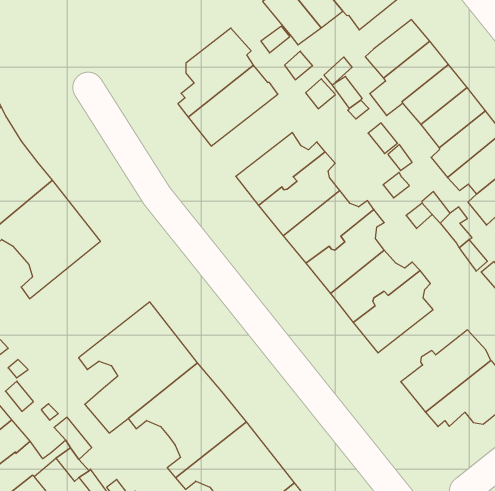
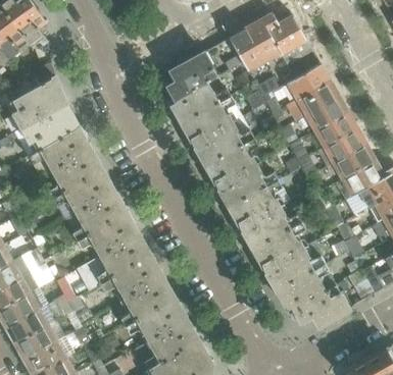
building: none -> [182,97,241,144]
building: none -> [53,170,128,240]
building: none -> [264,247,323,288]

